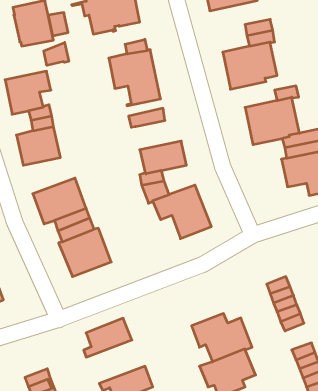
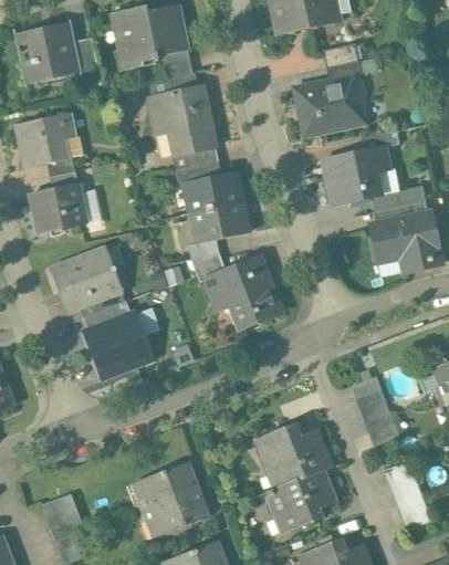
building: none -> [161,50,192,79]
building: [44,42,69,65] -> none
building: none -> [182,172,241,213]
building: [84,318,132,357] -> [133,463,195,513]

